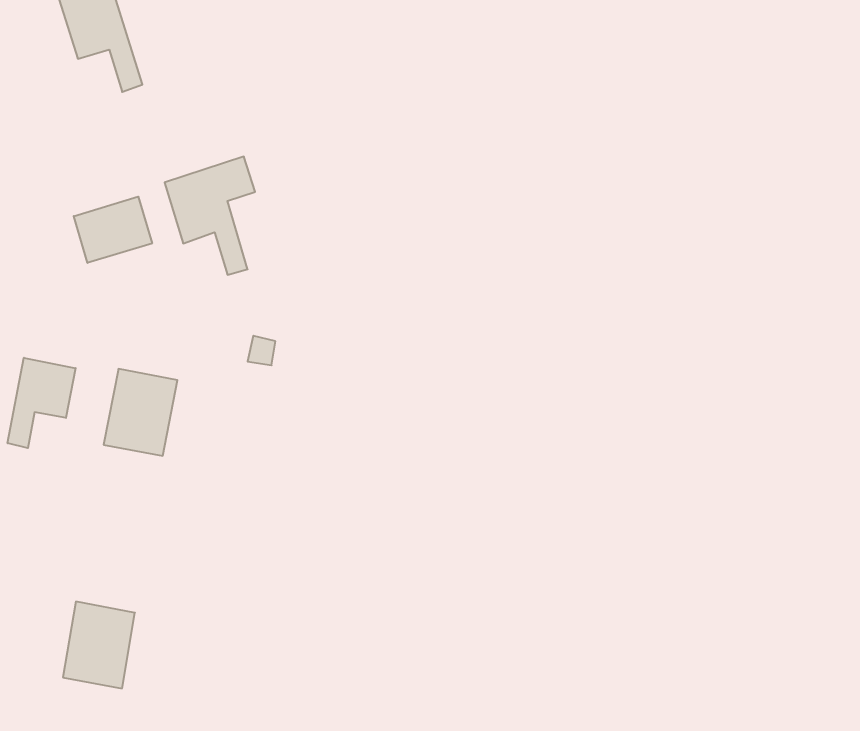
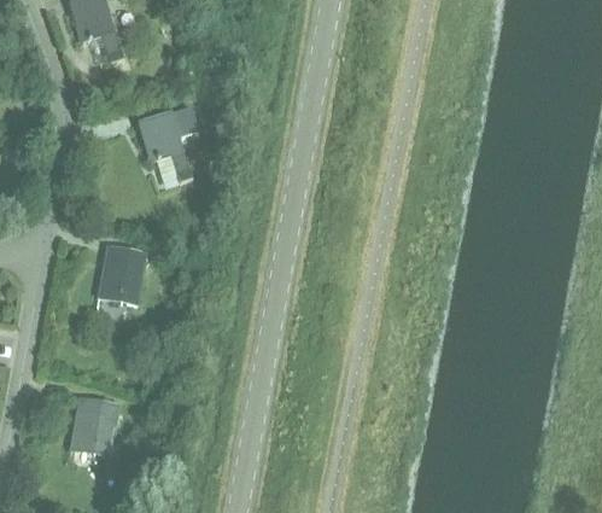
building: [74,197,152,263] -> none
building: [8,358,76,448] -> none

